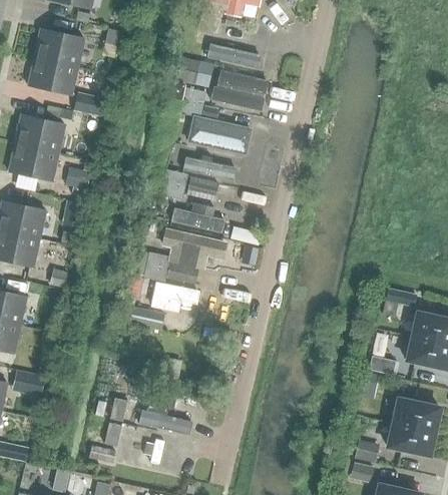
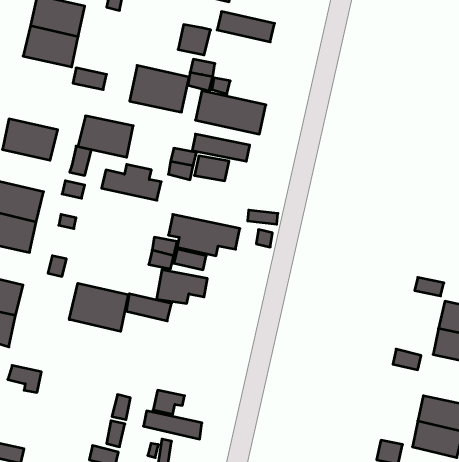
building: [213,71,269,114] -> [130,65,189,112]
building: [14,114,65,152] -> [78,116,133,157]
building: [169,203,225,236] -> [102,164,161,200]
building: none -> [69,283,128,331]

